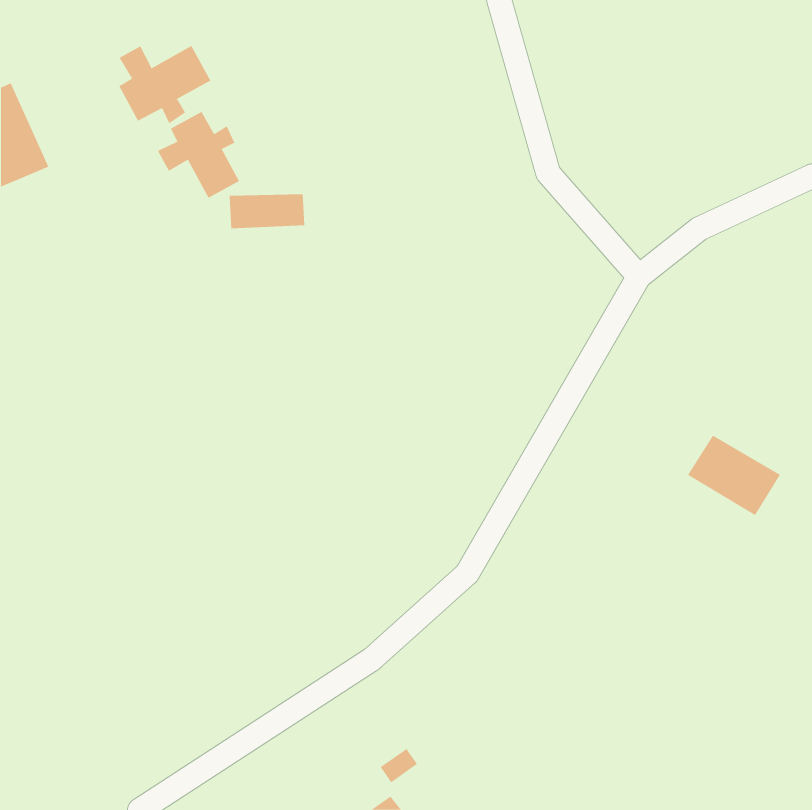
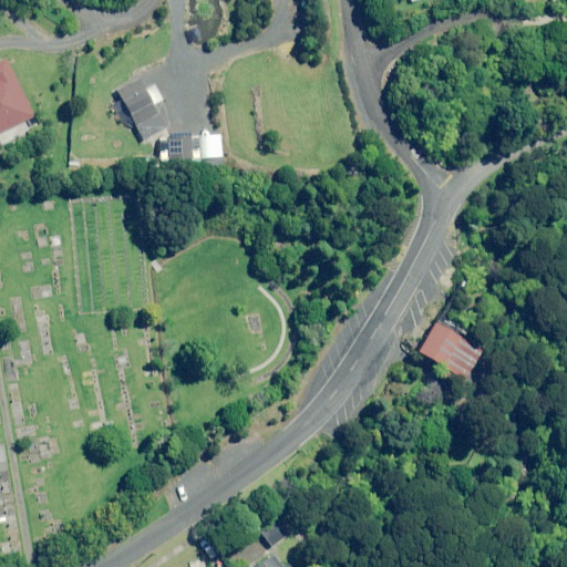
building: [118,45,211,124] -> none
building: [687,435,781,516] -> [415,322,481,379]

